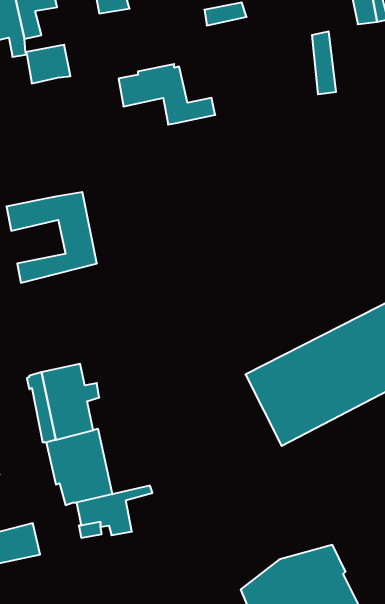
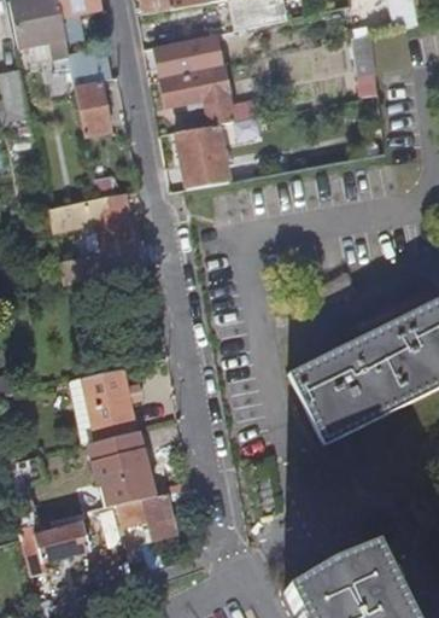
building: none -> [172,35,215,72]
building: none -> [72,78,109,134]
building: none -> [172,124,227,190]

